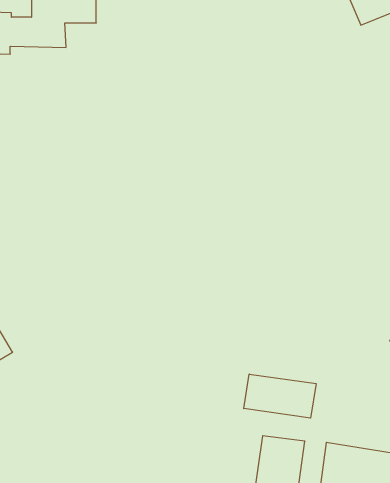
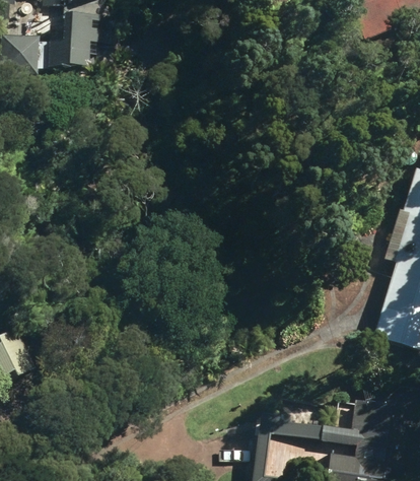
building: [244,374,316,418] -> none

